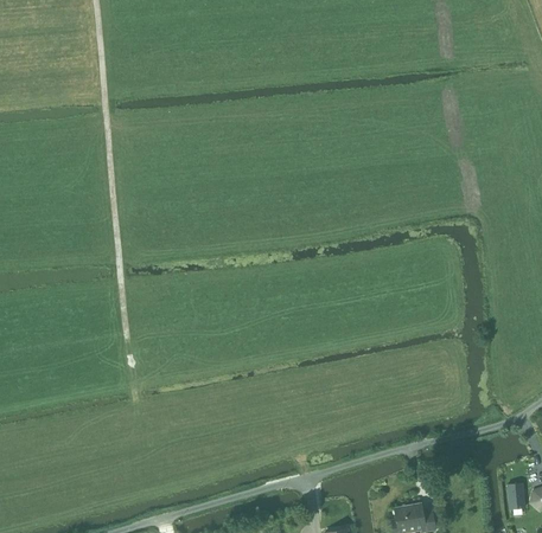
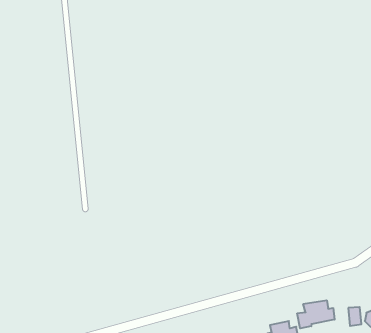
building: none -> [297,300,335,328]

